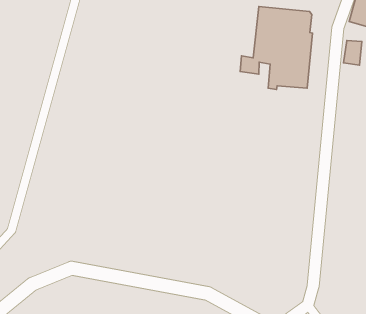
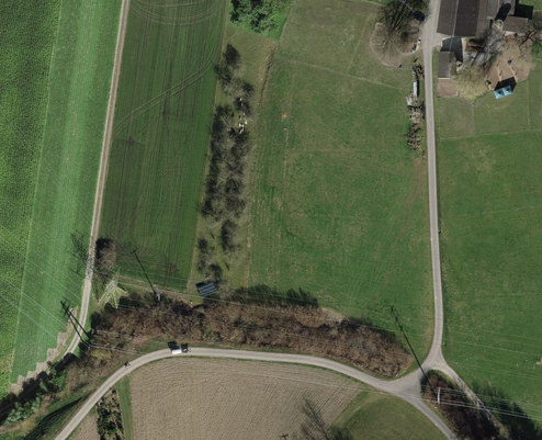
building: [240,6,312,89] -> none

